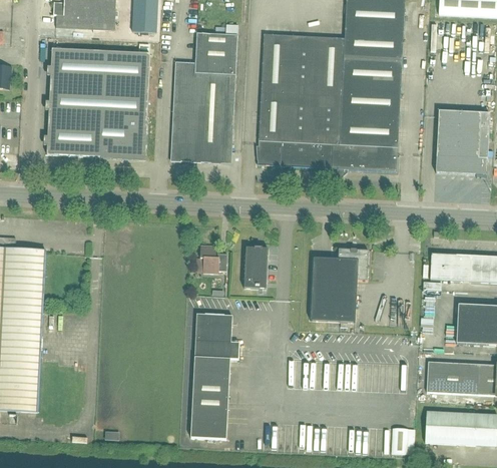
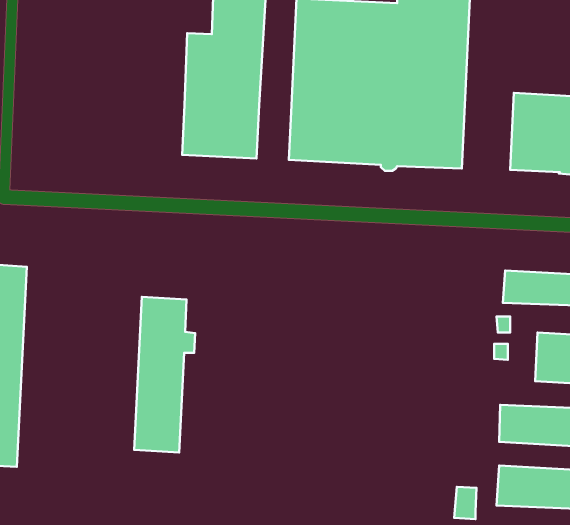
building: [44,47,151,159] -> none
building: [199,245,226,273] -> none
building: [242,246,268,288] -> none
building: [311,248,369,322] -> none
building: [189,313,238,438] -> [134,297,195,452]

